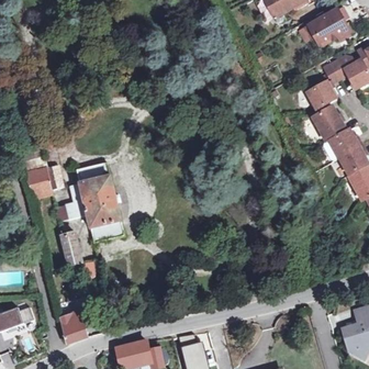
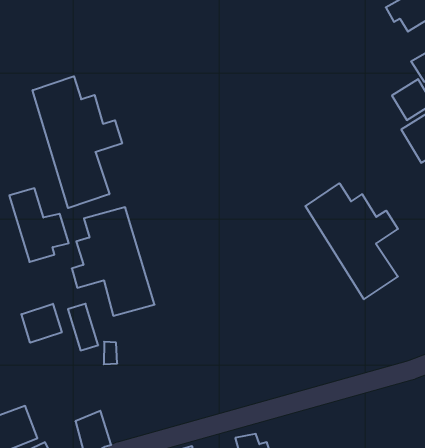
building: none -> [33,76,122,208]
building: none -> [305,183,398,299]
building: none -> [21,304,62,343]

